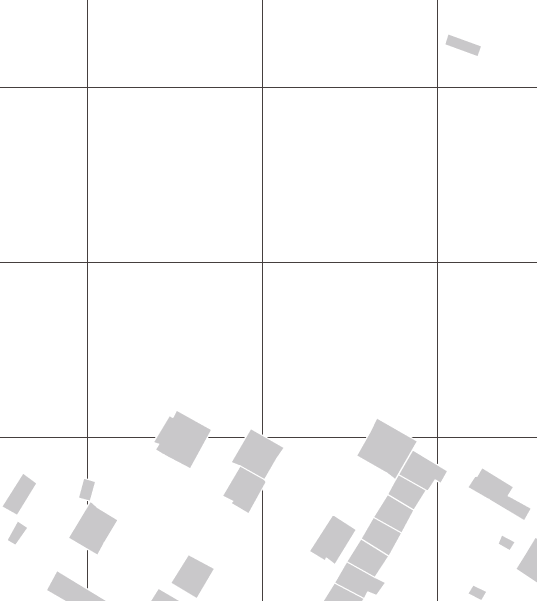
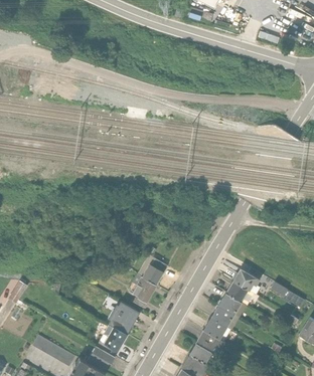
building: [153,410,212,469] -> [107,302,140,335]
building: [356,418,417,480] -> none
building: [68,501,118,556] -> none
building: [309,515,357,565] -> none

